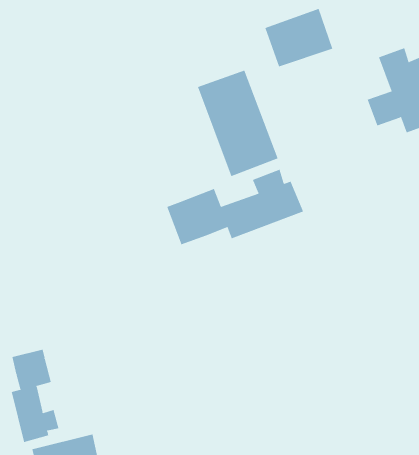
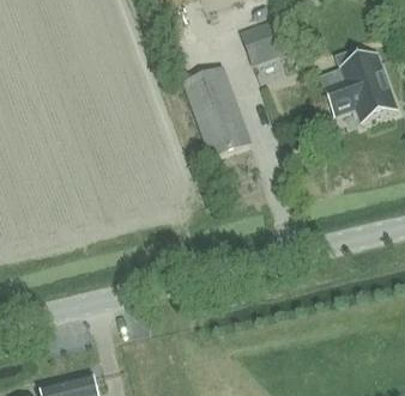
building: [167,169,304,245] -> none
building: [11,349,59,443] -> none

